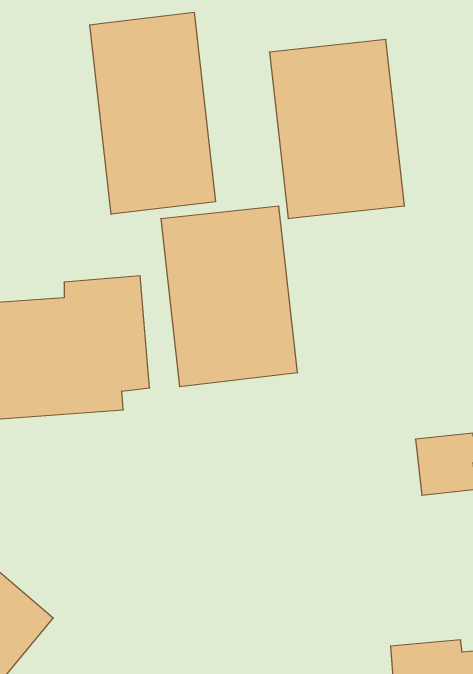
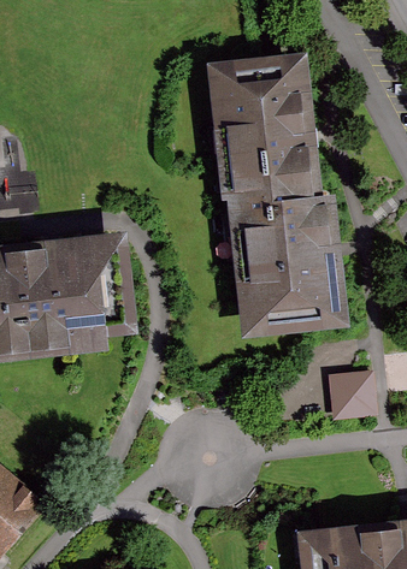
building: [90,12,215,214] -> none
building: [161,206,298,387] -> [236,186,342,326]

